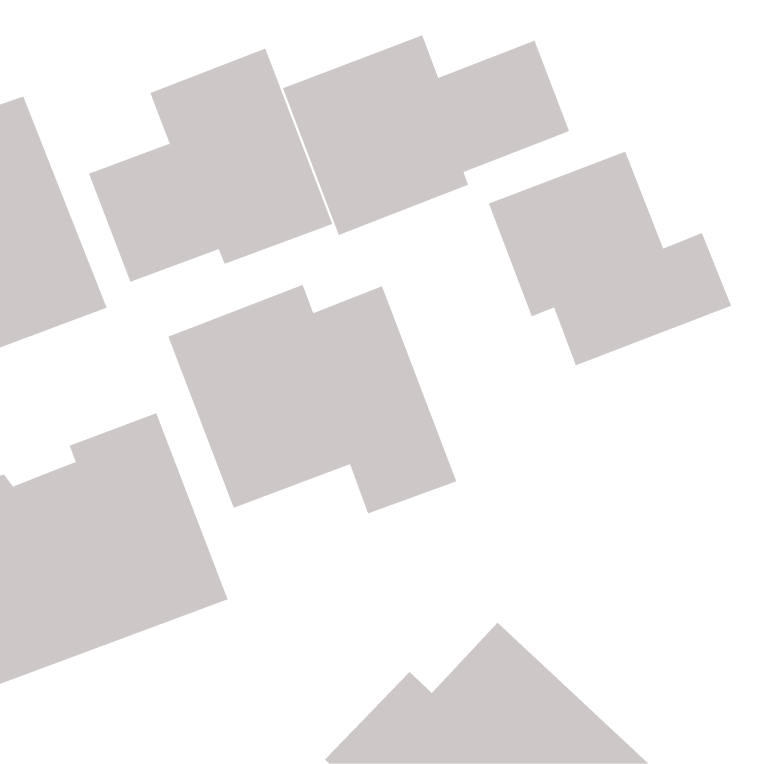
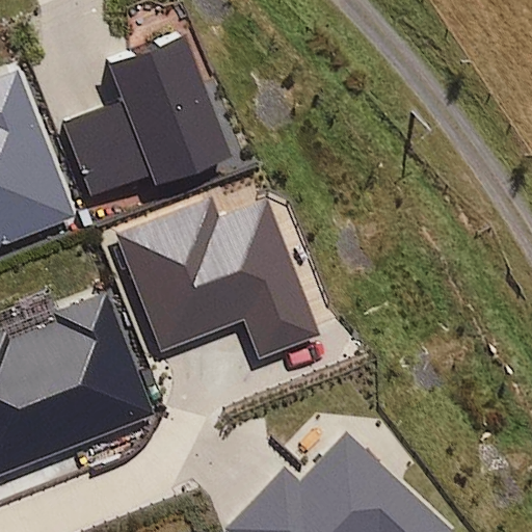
building: [282,34,570,236] -> none
building: [488,151,732,366] -> none

